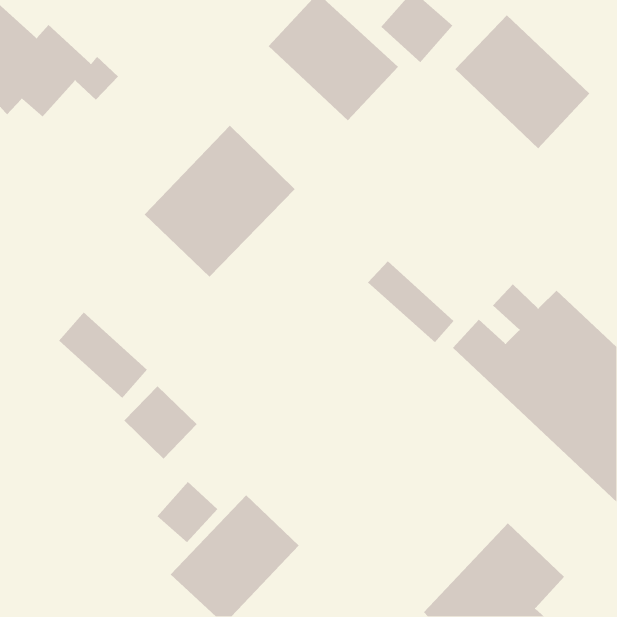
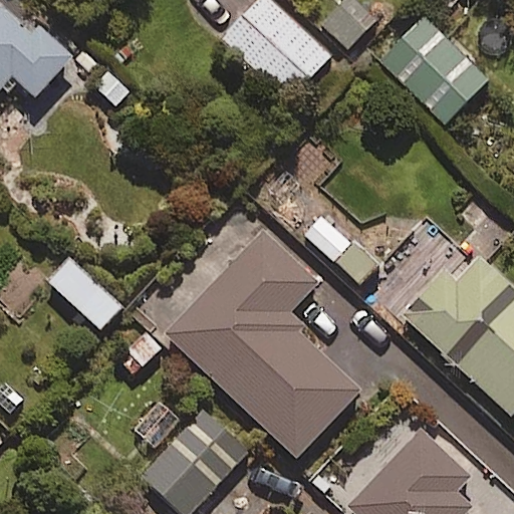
building: [144,125,296,278] -> none
building: none -> [167,230,362,458]

